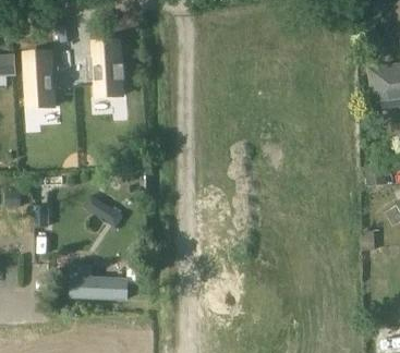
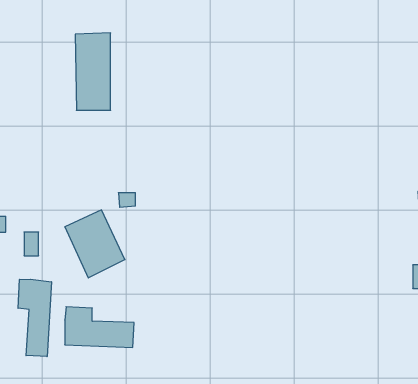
building: [24,47,52,108] -> none
building: none -> [18,279,51,357]

